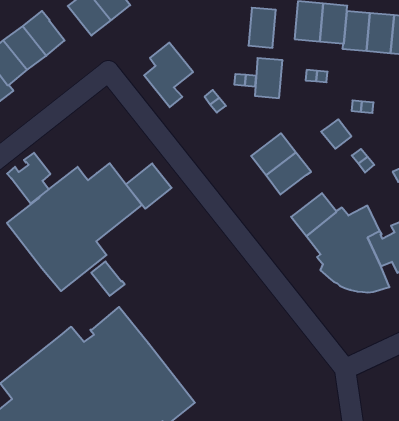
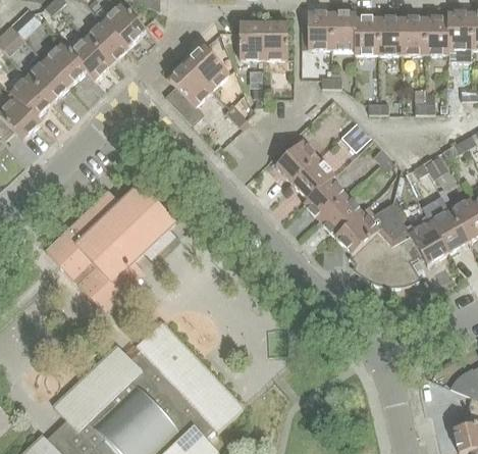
building: none -> [69,36,111,79]
building: none -> [187,46,229,89]
building: [255,58,283,98] -> [238,21,263,58]
building: [7,153,50,203] -> none
building: [126,163,172,209] -> none
building: none -> [303,178,347,219]
building: [91,261,125,296] -> none

